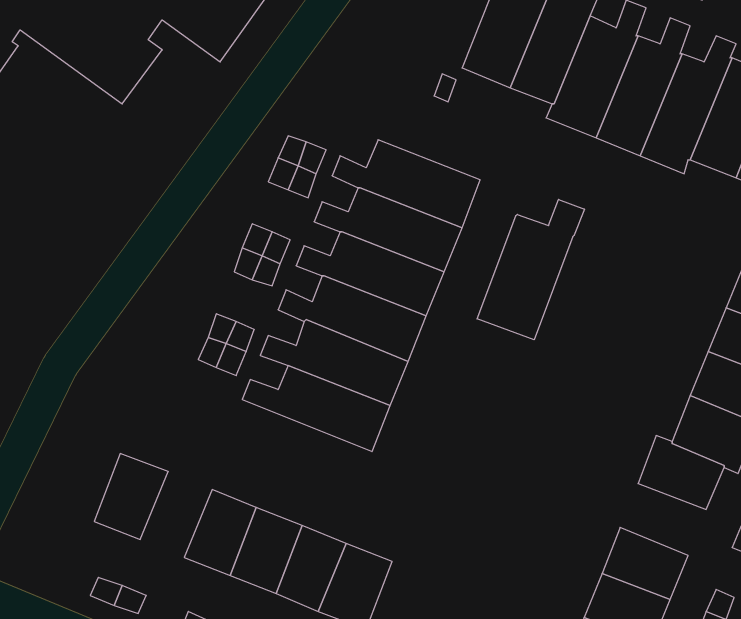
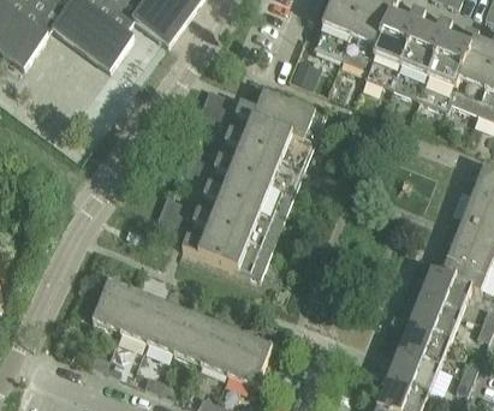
building: [477,199,584,340] -> none
building: none -> [120,286,163,338]
building: none -> [409,293,460,336]

